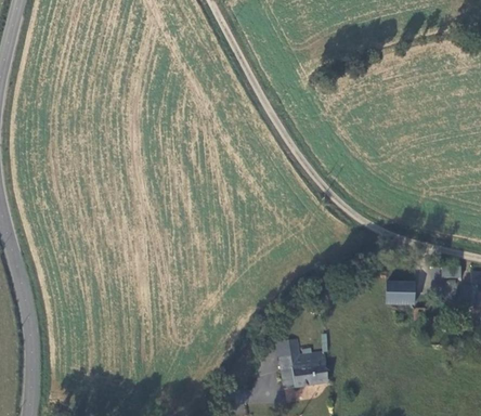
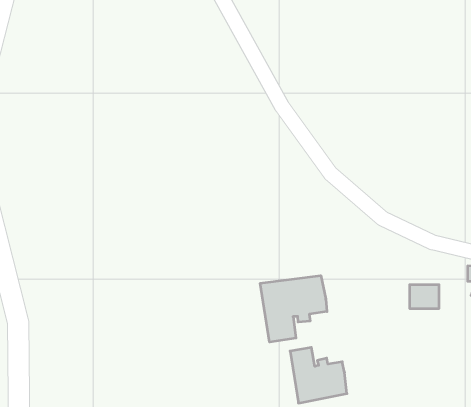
building: none -> [260,276,327,342]

